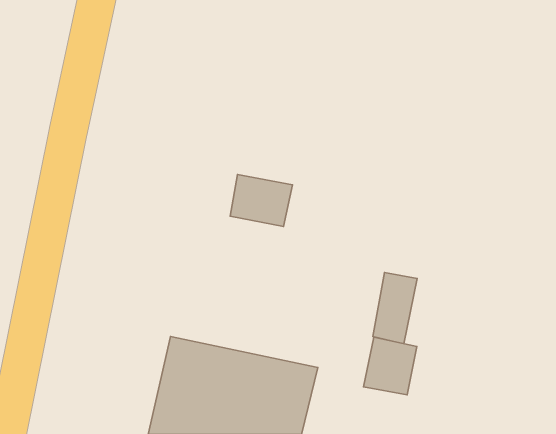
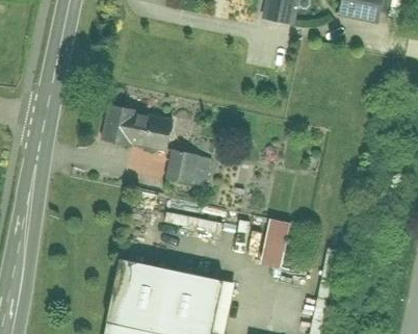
building: none -> [98,99,169,150]
building: [364,337,417,395] -> none

